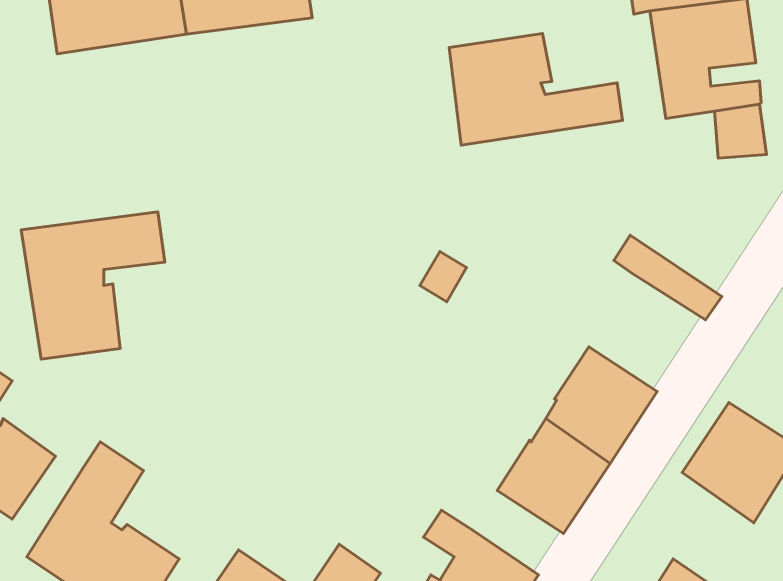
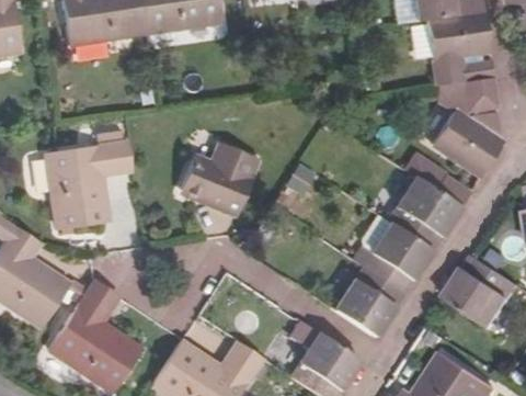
building: [449,34,623,145] -> none
building: none -> [433,110,504,176]
building: none -> [182,140,262,212]
building: none -> [390,178,461,250]

